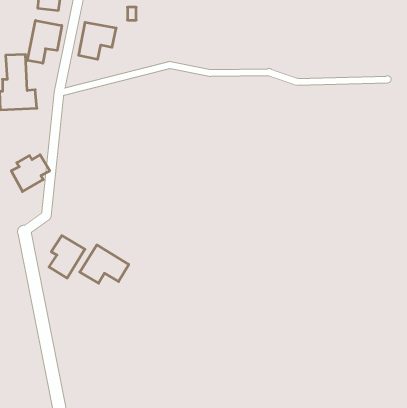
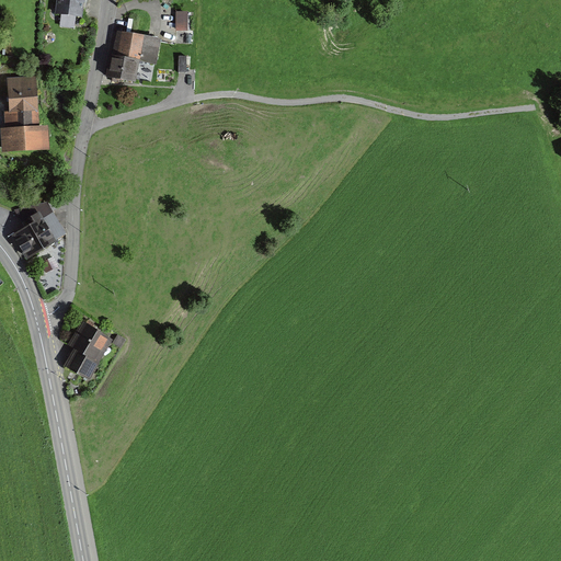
building: [27,20,62,63] -> none
building: [80,245,129,283] -> none

